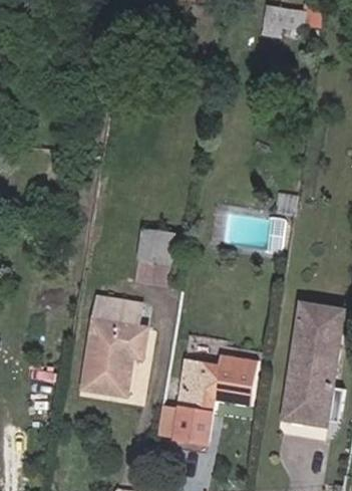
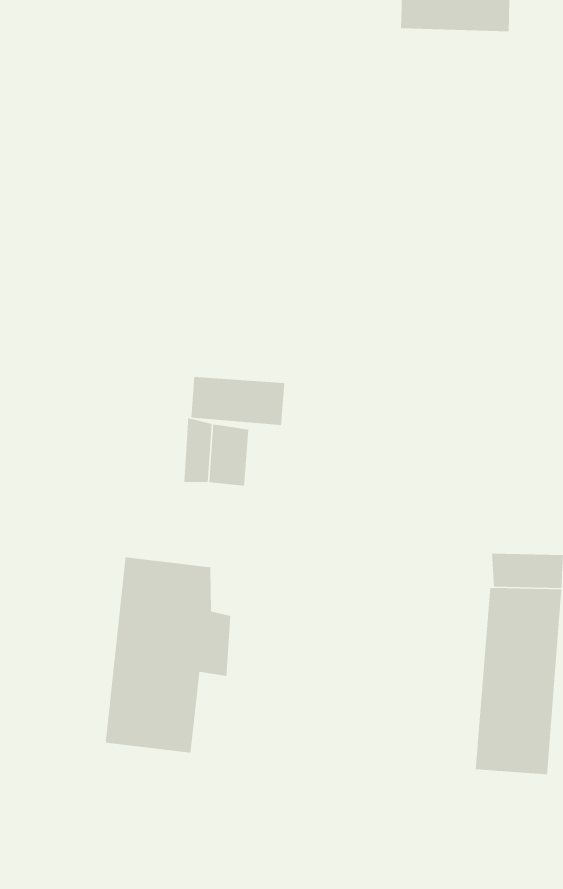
building: none -> [191,376,285,426]
building: [177,354,263,448] -> none

